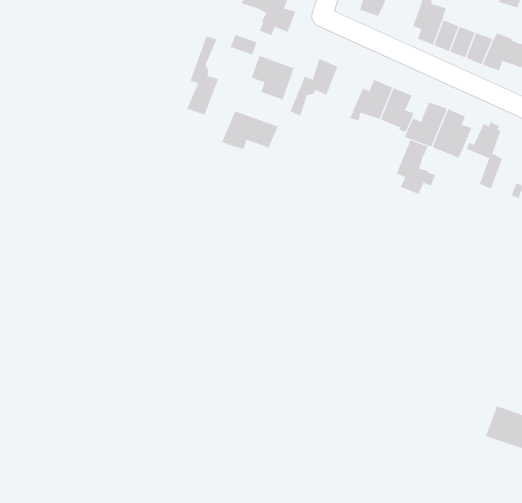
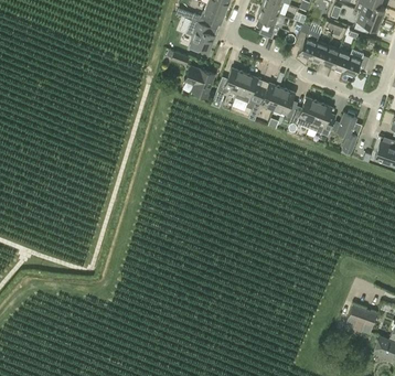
building: [187,35,219,116] -> none
building: none -> [235,74,261,110]
building: [221,110,279,150] -> none
building: [396,139,436,195] -> none

